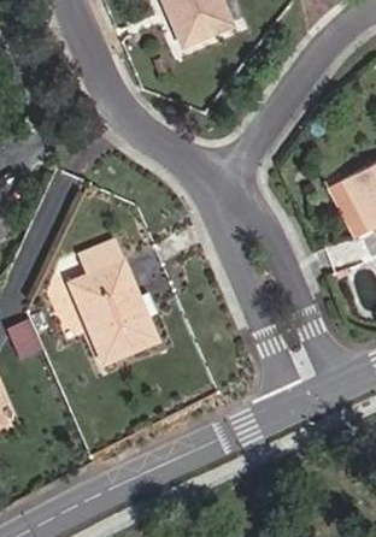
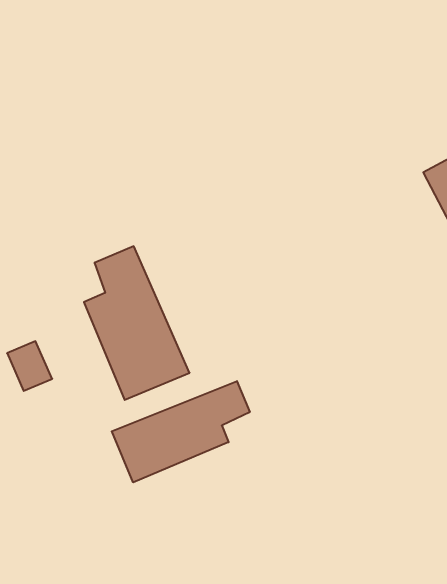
building: none -> [112,381,250,482]

